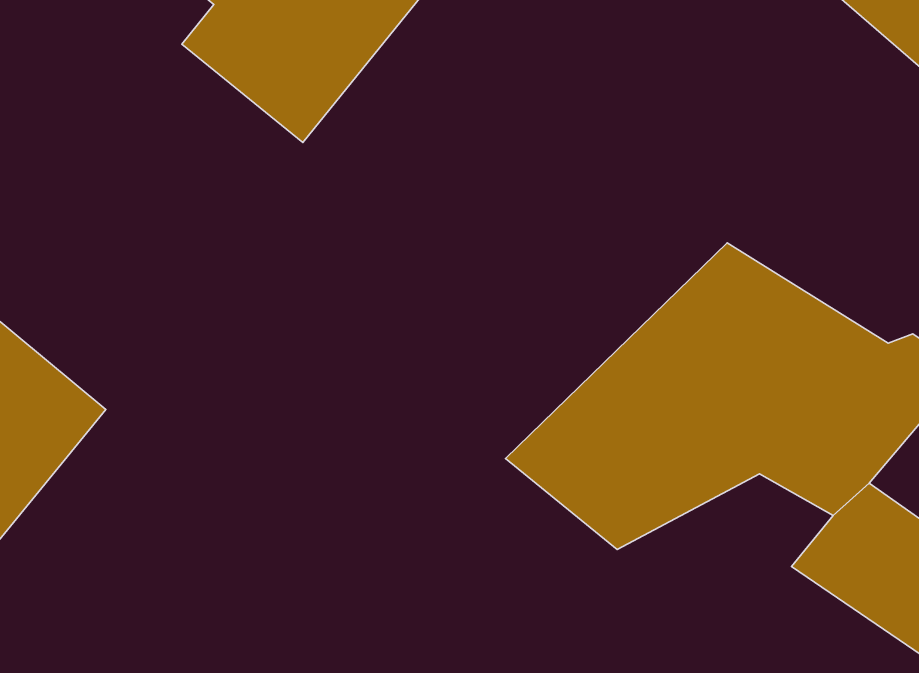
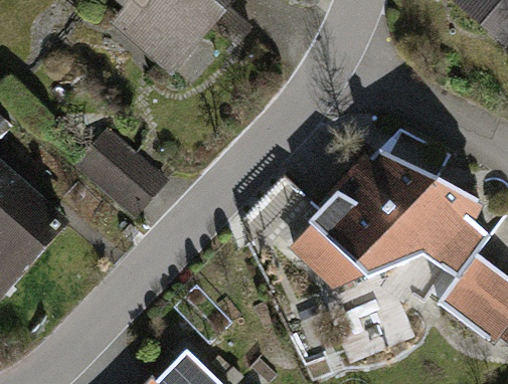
building: none -> [70,132,163,218]

